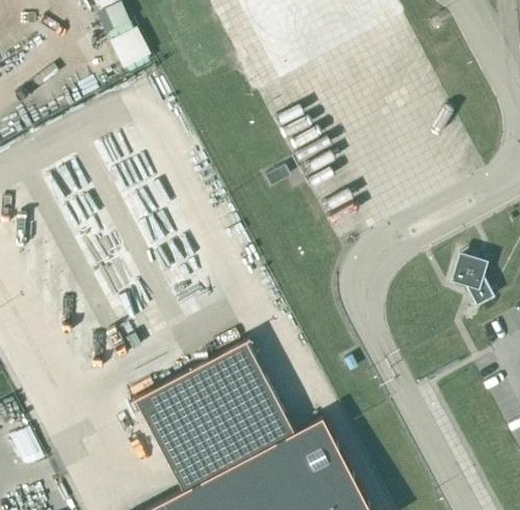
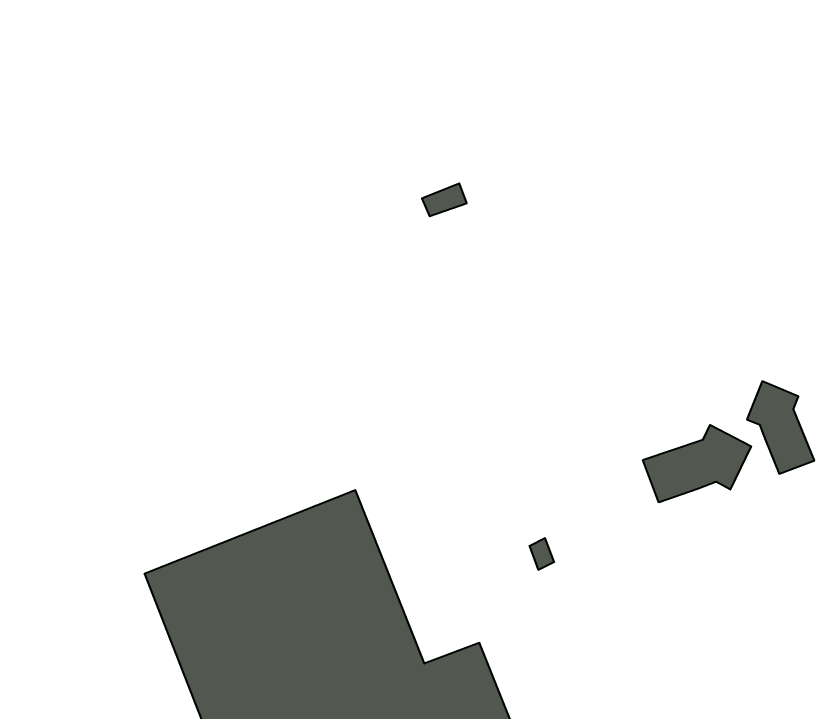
building: none -> [643,425,751,502]

